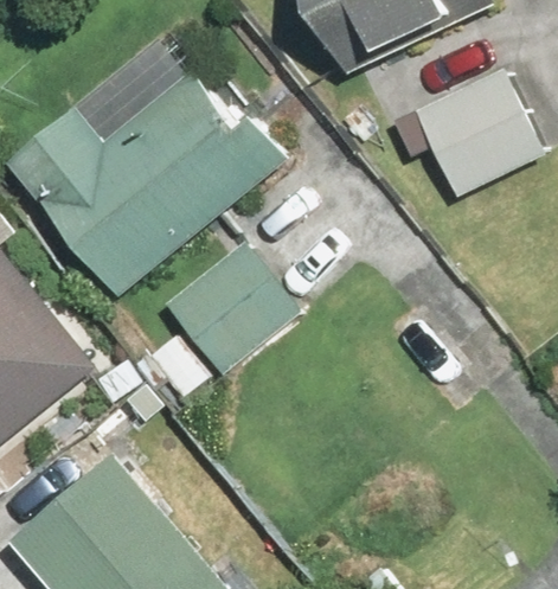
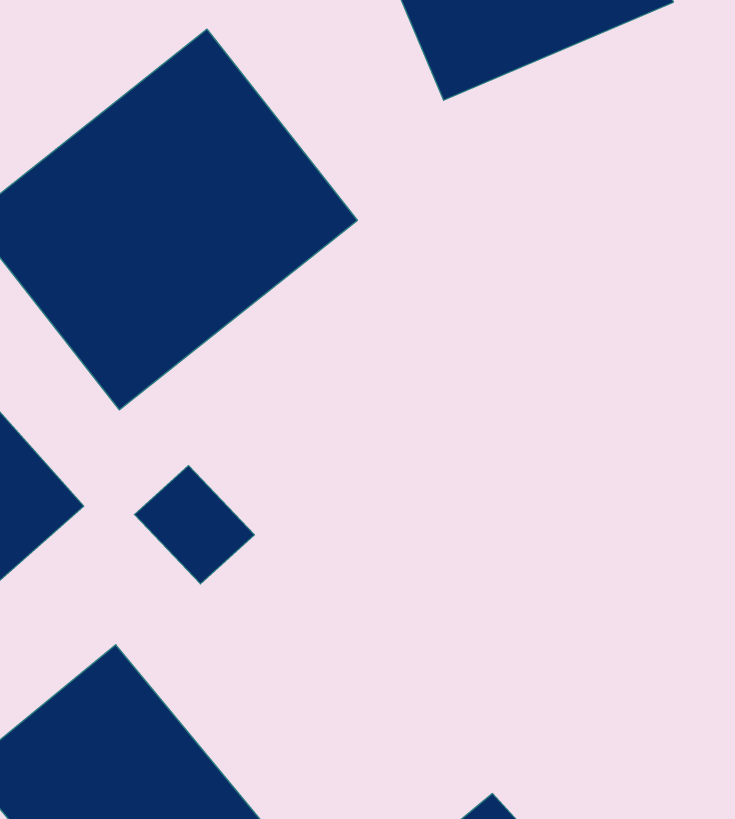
building: [405,64,541,200] -> none
building: [158,230,301,372] -> none

